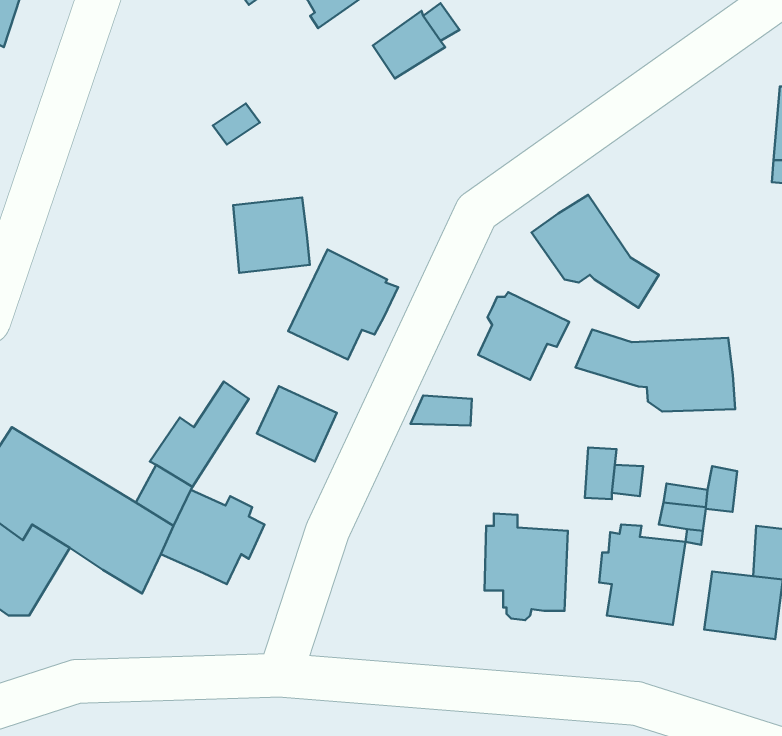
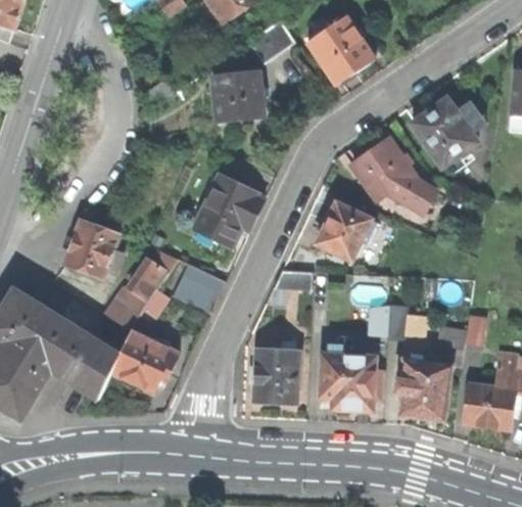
building: none -> [306,16,374,84]
building: none -> [411,97,485,166]
building: [233,197,310,273] -> [213,71,264,120]
building: none -> [63,219,120,276]
building: [575,329,735,411] -> none
building: none -> [252,348,298,403]

